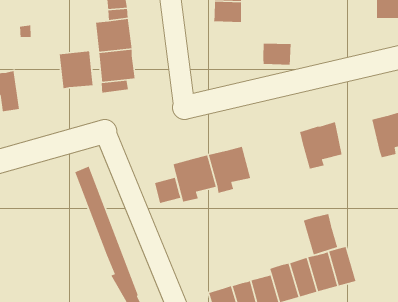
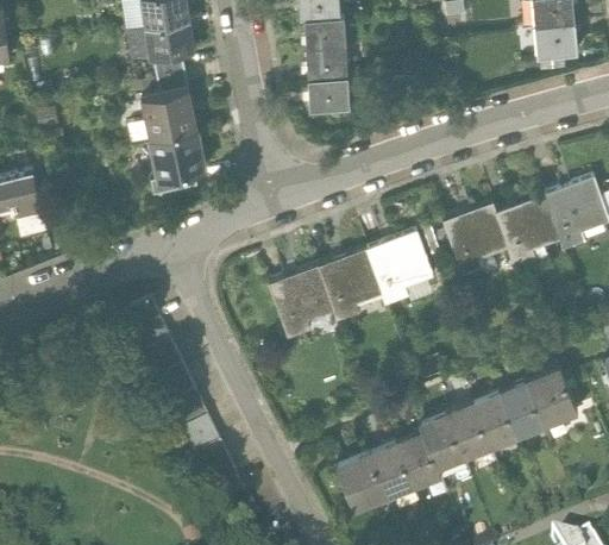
building: [262,43,292,65] -> [307,77,349,111]
building: [59,51,94,89] -> none
building: none -> [495,196,558,269]
building: none -> [364,232,432,306]
building: [154,177,181,204] -> none
building: [303,213,338,255] -> [523,367,577,428]

